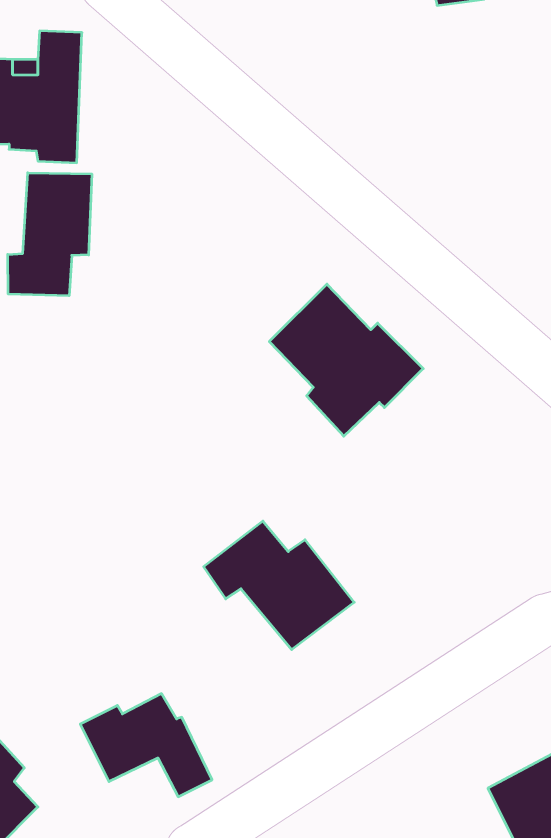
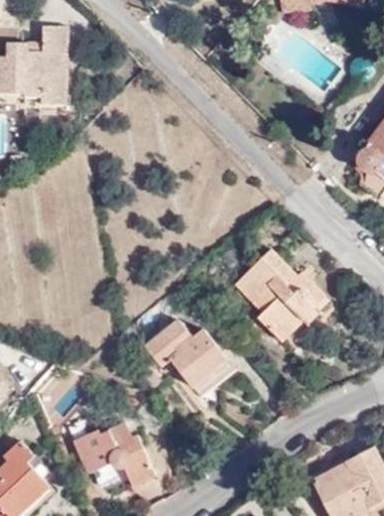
building: [8,173,92,296] -> none
building: [269,284,423,436] -> [236,249,328,340]

